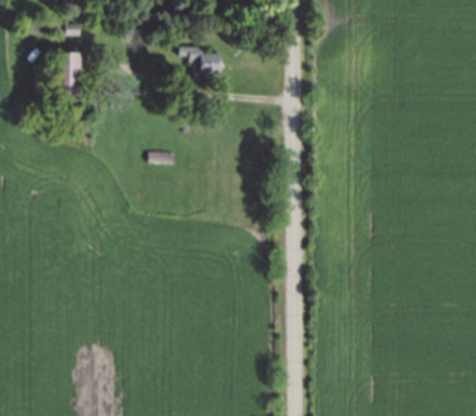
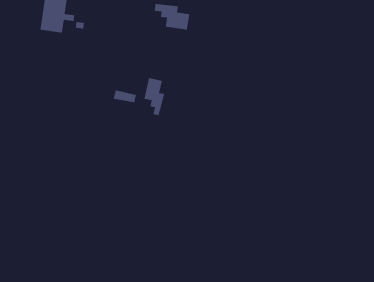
building: none -> [144,77,165,116]

